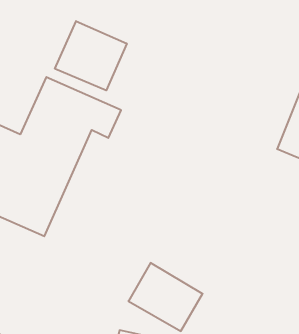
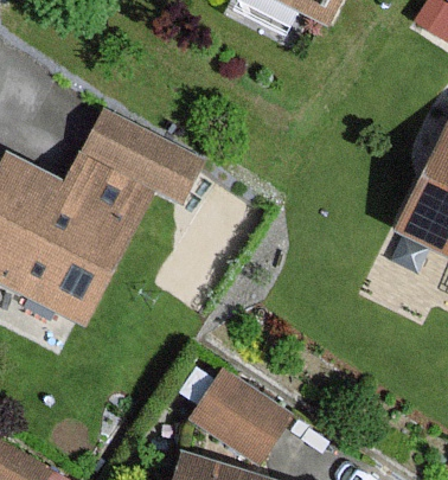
building: [55,21,127,90] -> none

